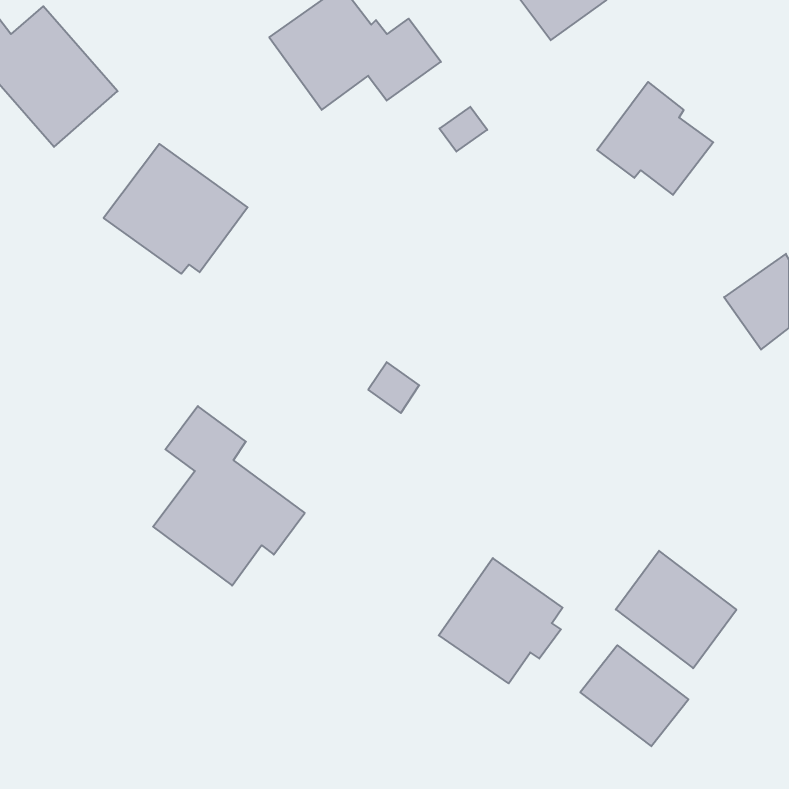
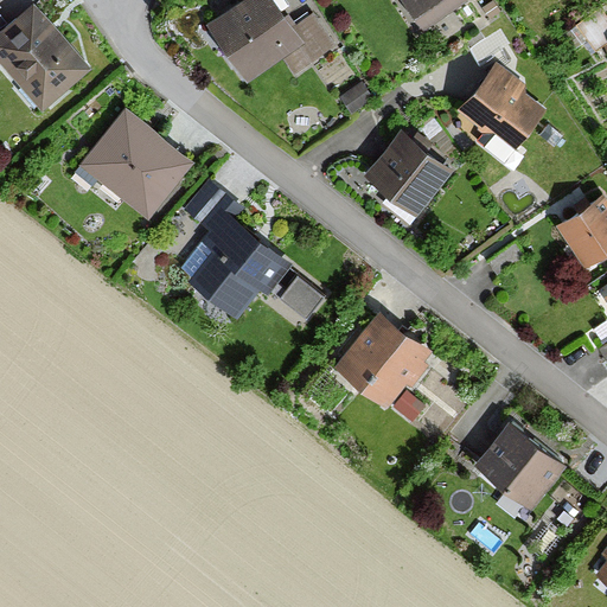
building: none -> [363,130,452,218]
building: [153,406,305,586] -> [177,183,293,320]
building: [439,558,563,683] -> [334,313,429,409]
building: [580,645,688,746] -> none

